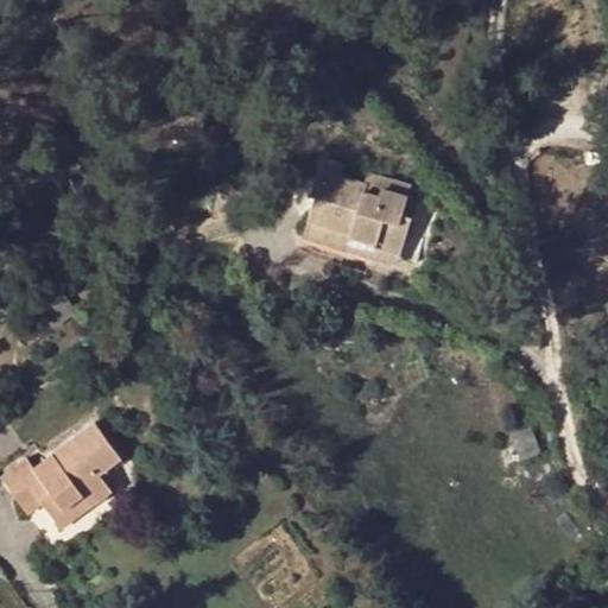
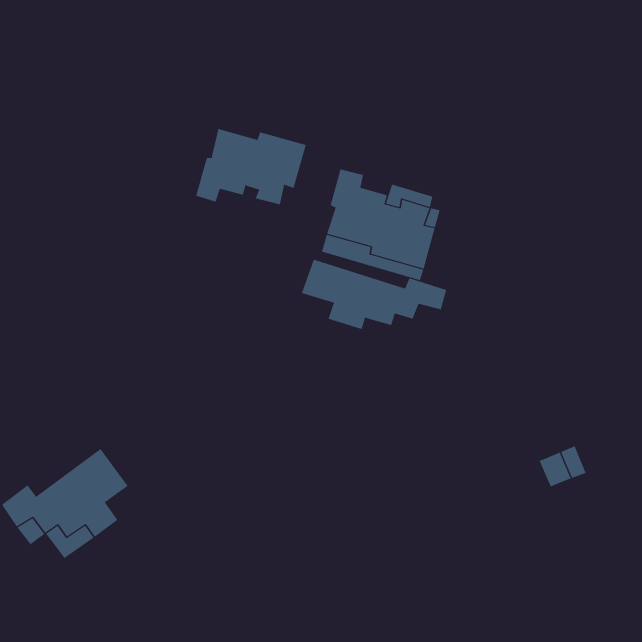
building: none -> [195,128,307,205]
building: none -> [301,259,447,330]

